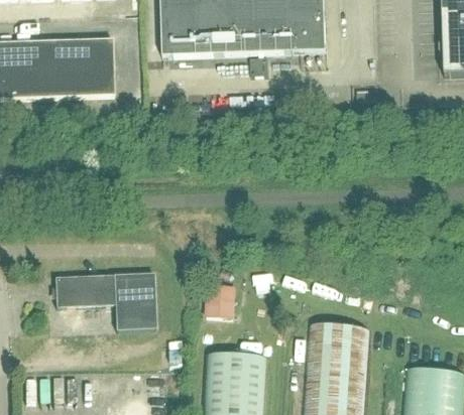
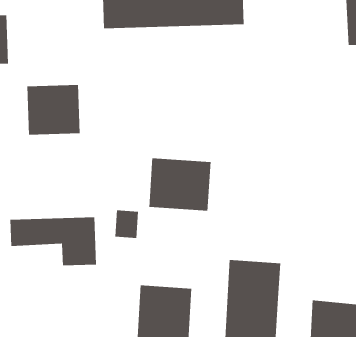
building: [52,38,115,97] -> [26,84,81,135]
building: none -> [149,157,211,212]
building: [208,284,236,317] -> [114,210,139,239]

